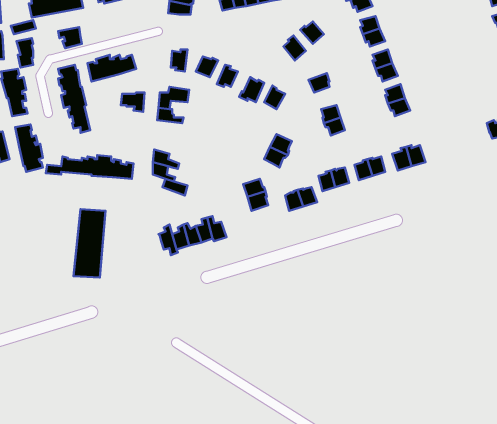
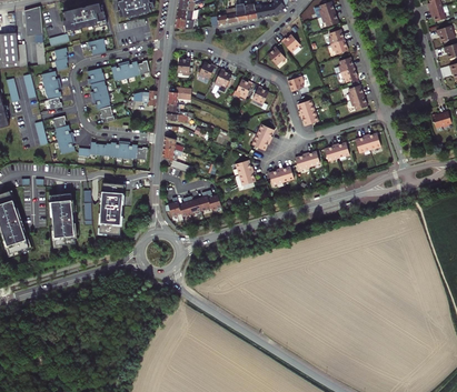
building: none -> [51,194,74,244]

